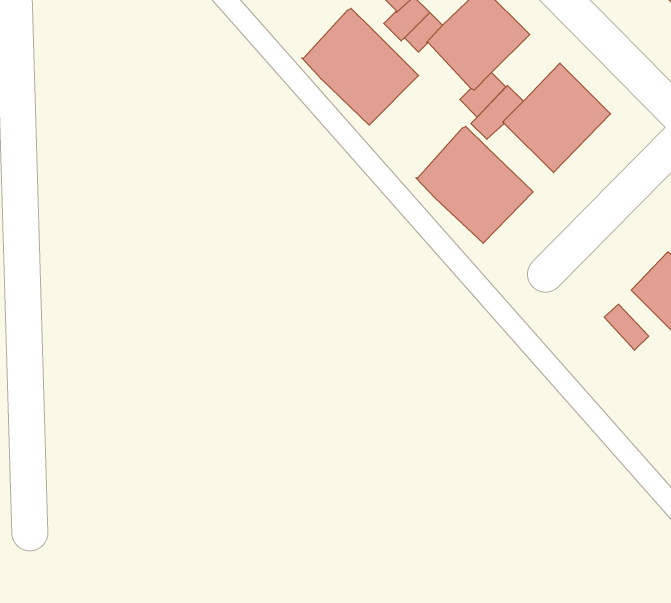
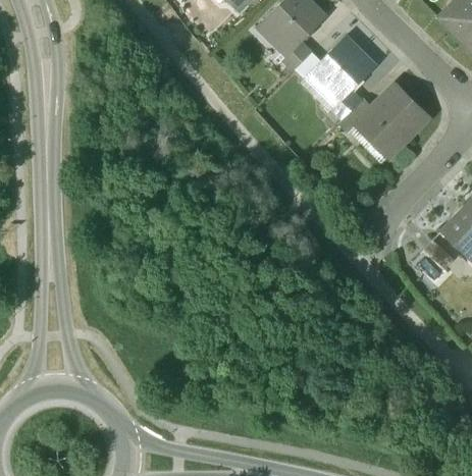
building: [302,8,419,125] -> none
building: [416,126,533,243] -> none

